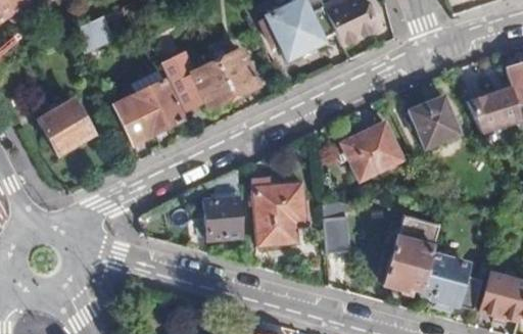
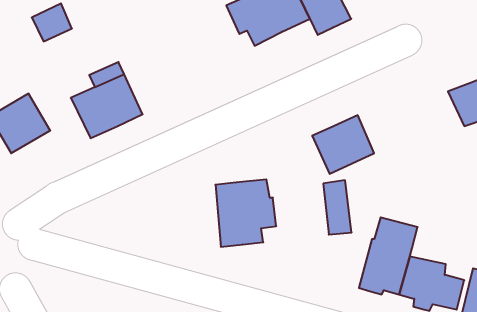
building: [164,51,257,109] -> none
building: [412,95,462,148] -> none
building: [203,196,240,237] -> none
building: [324,200,350,251] -> [323,180,352,235]

